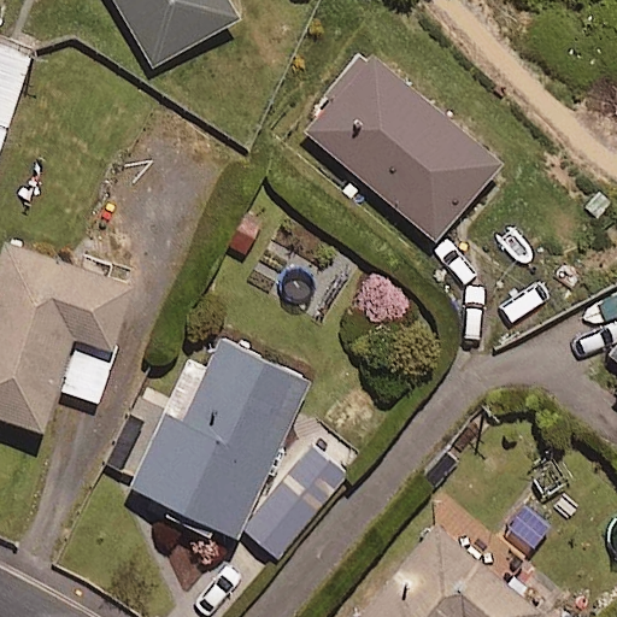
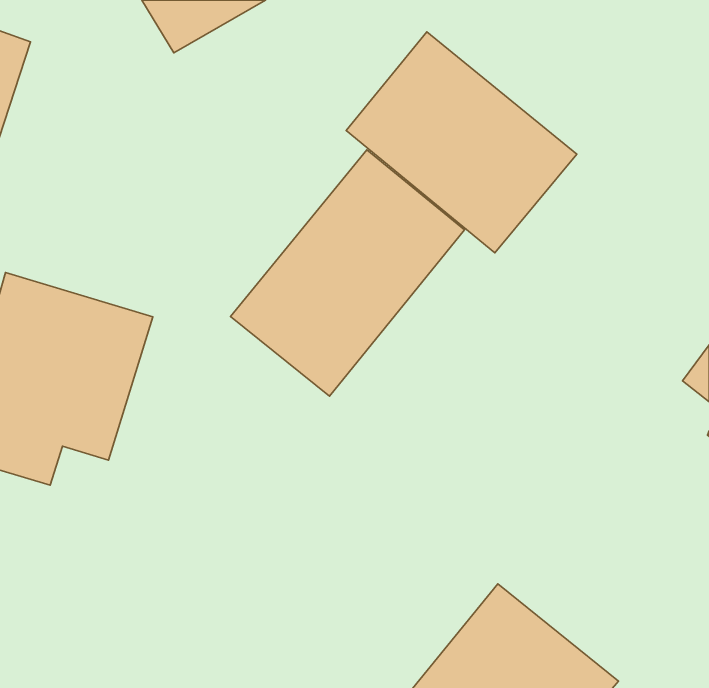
building: none -> [230,150,465,396]
building: [128,339,351,568] -> none

